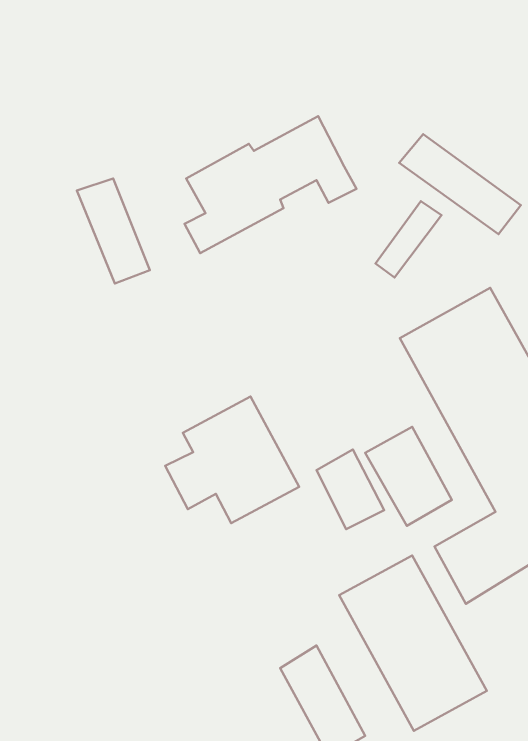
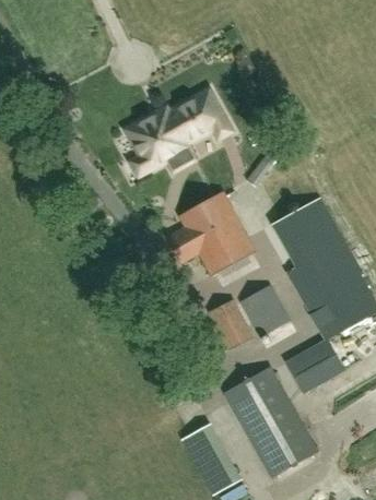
building: [399,134,521,234] -> none
building: [77,178,150,283] -> none
building: [165,396,299,523] -> [169,192,254,272]

